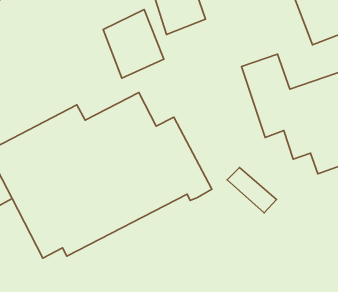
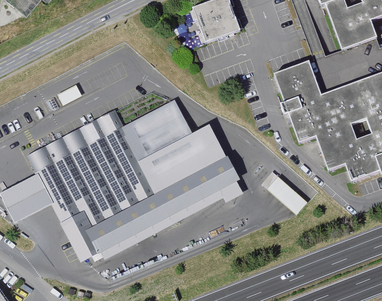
building: [103,10,164,78] -> none

